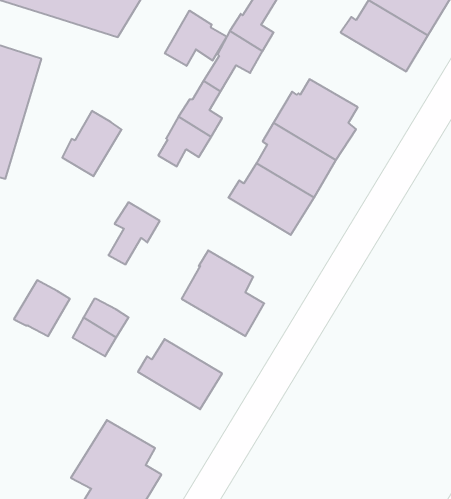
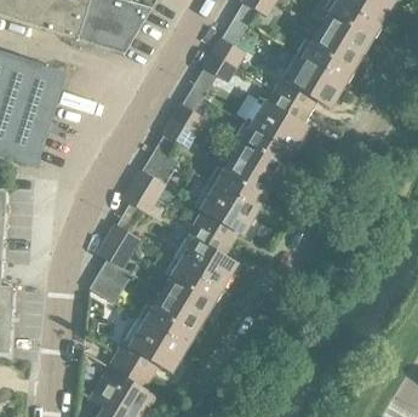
building: [165,11,227,66] -> none
building: none -> [273,51,348,109]
building: [62,111,122,176] -> [132,147,178,198]
building: none -> [185,179,258,241]
building: [14,280,70,336] -> [96,223,139,267]
building: none -> [160,258,223,316]
building: none -> [115,315,188,375]

